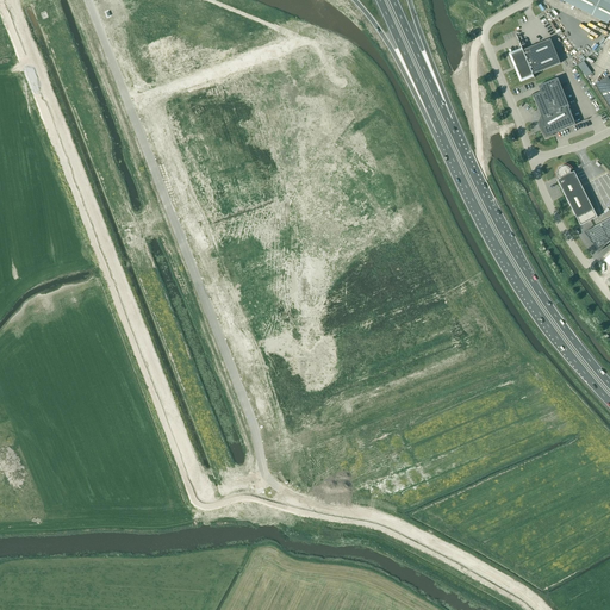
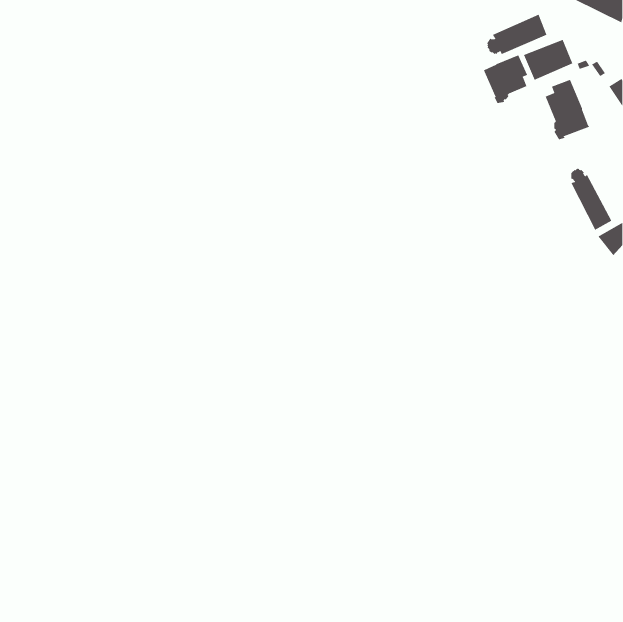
building: none -> [487,14,547,55]
building: none -> [483,54,528,104]

